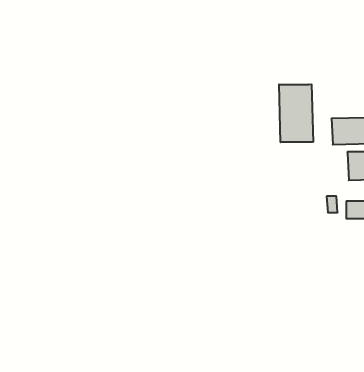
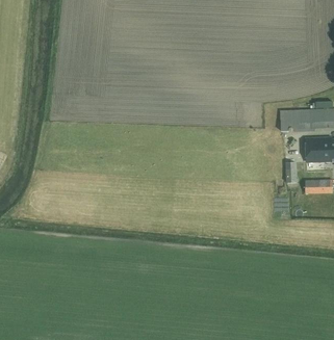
building: [279,84,313,142] -> none

